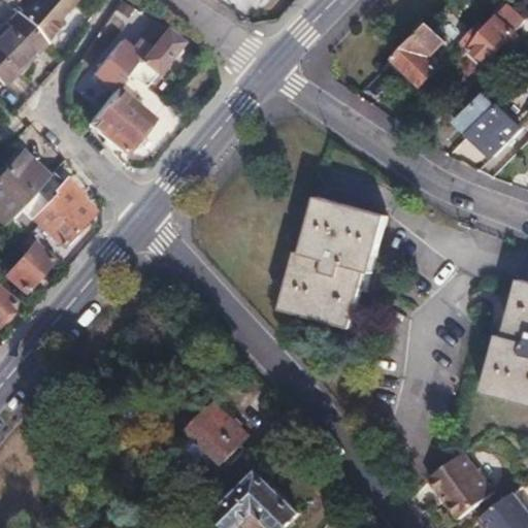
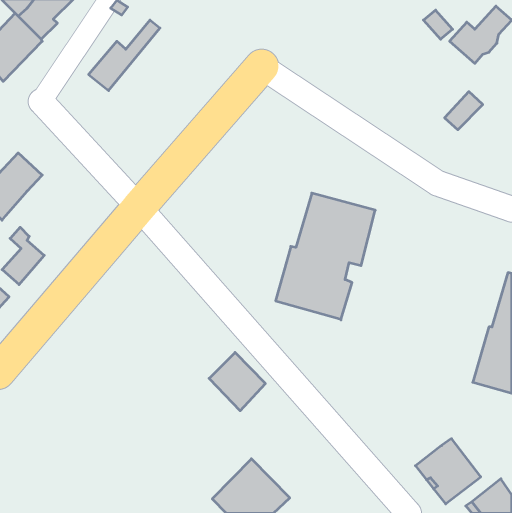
building: [388,25,443,85] -> none
building: [129,30,185,87] -> none
building: [85,90,159,161] -> none
building: [469,107,520,157] -> none
building: [28,174,89,246] -> none
building: [189,400,246,460] -> [209,352,265,411]

